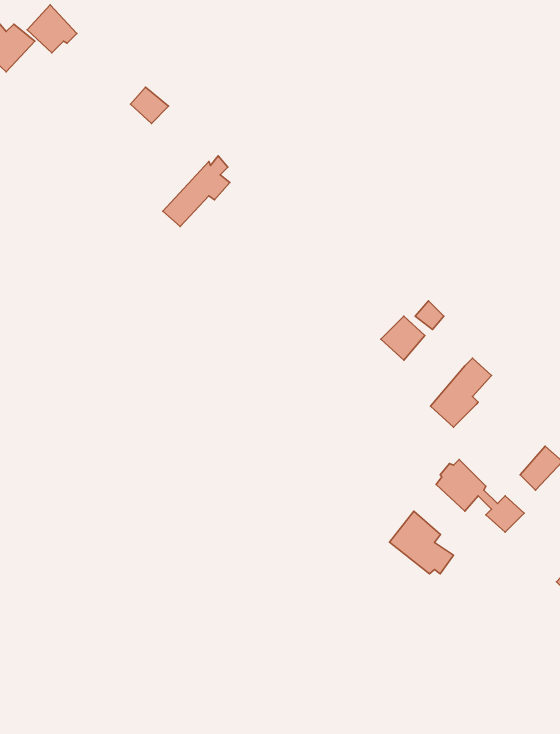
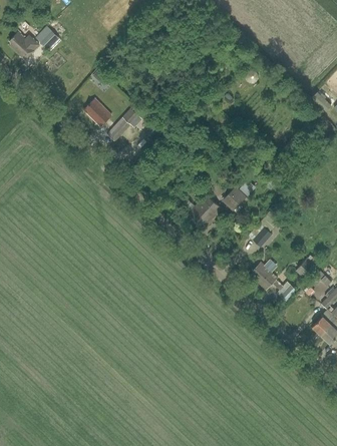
building: none -> [86,99,111,127]
building: none -> [188,193,223,228]
building: [390,511,453,574] -> none

